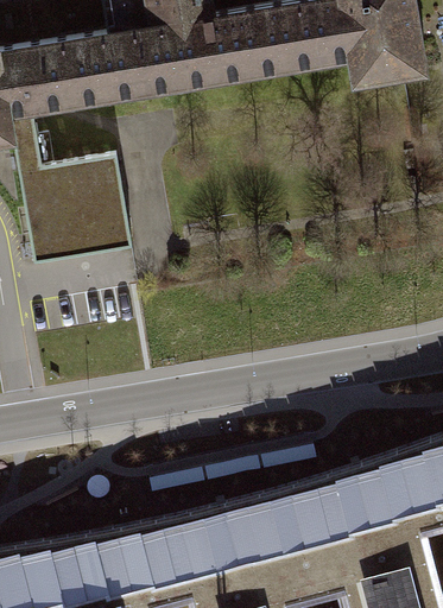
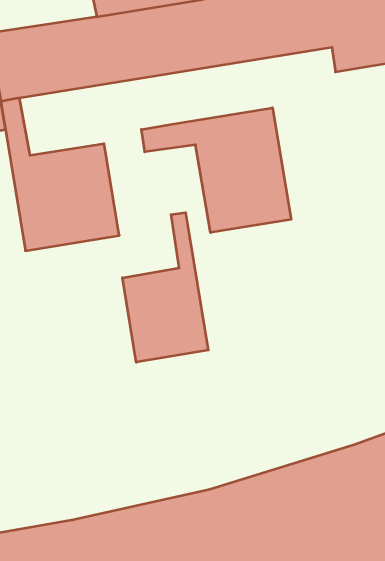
building: none -> [141,108,291,233]
building: none -> [122,213,208,362]

